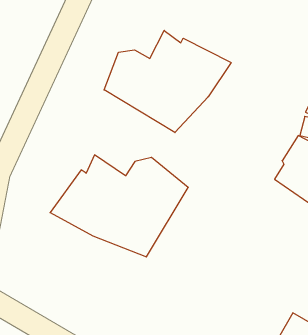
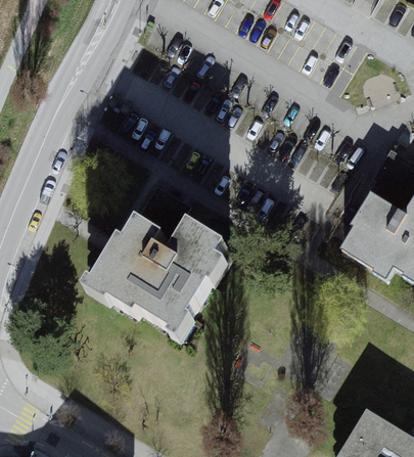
building: [104,30,231,133] -> none

